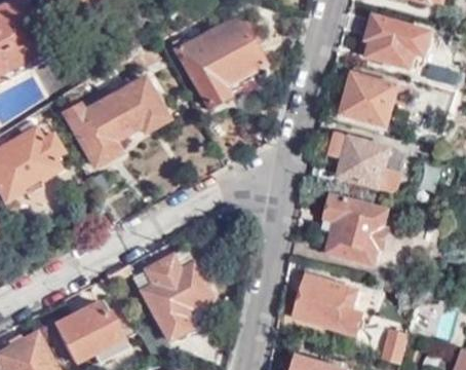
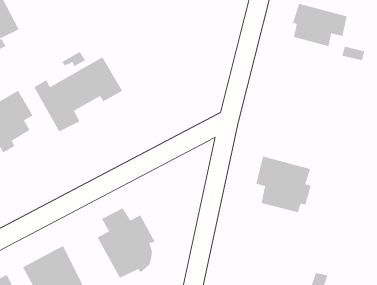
building: [173,18,264,108] -> none
building: [340,72,395,123] -> none
building: [331,133,395,189] -> none
building: [296,274,361,332] -> none

